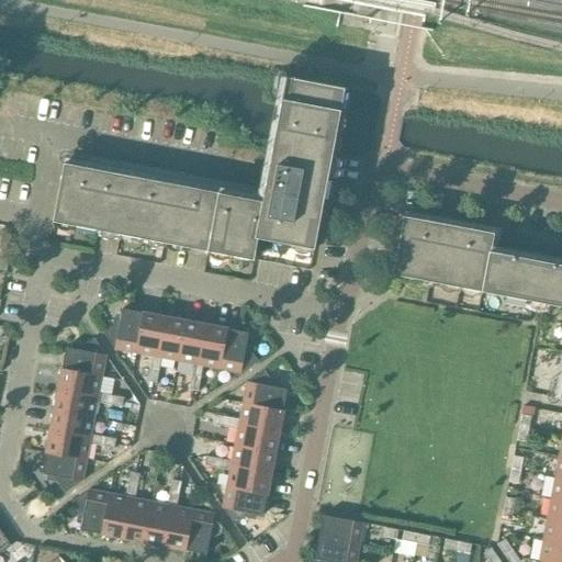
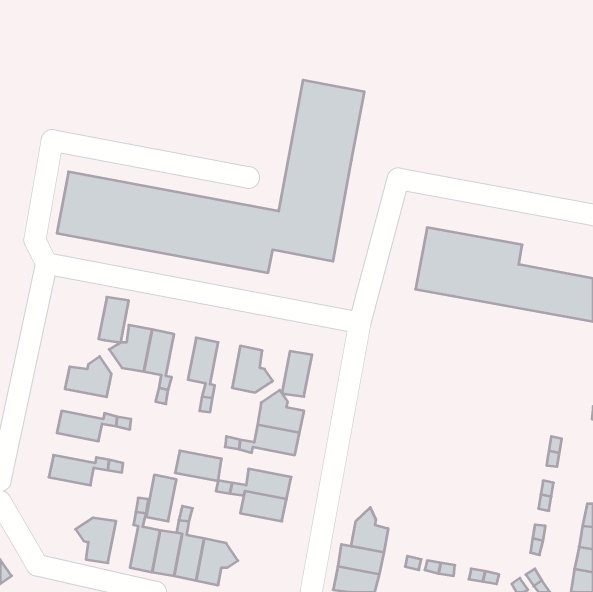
building: [157,316,186,359] -> [99,297,129,342]
building: [199,324,227,367] -> [282,351,312,397]
building: [58,368,101,396] -> none
building: [50,409,93,438] -> none
building: [235,423,279,451] -> [175,451,222,481]
building: [42,451,86,492] -> none
building: none -> [351,507,388,552]
building: [223,485,267,524] -> none
building: [102,493,131,537] -> [146,475,176,521]

